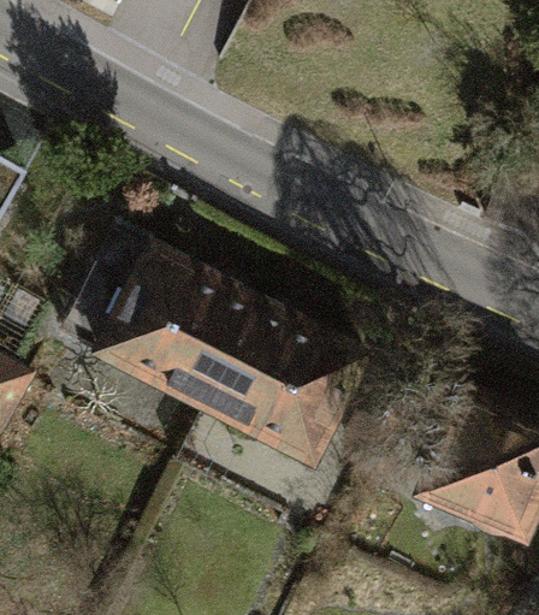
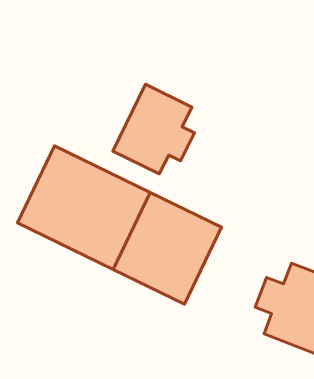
building: none -> [113,84,194,174]

